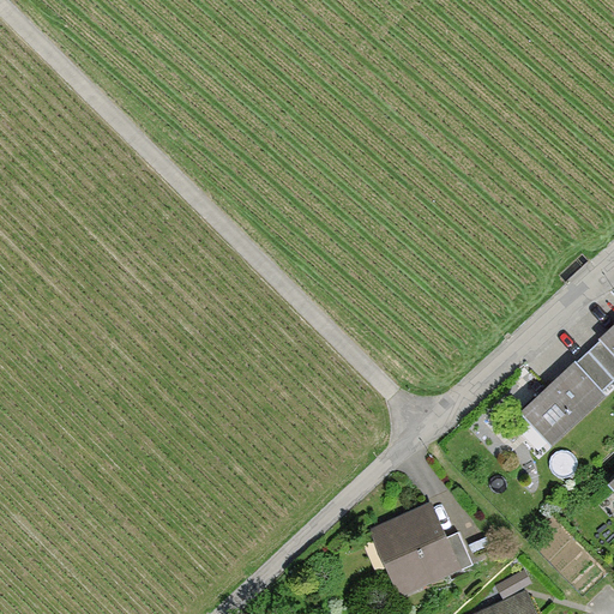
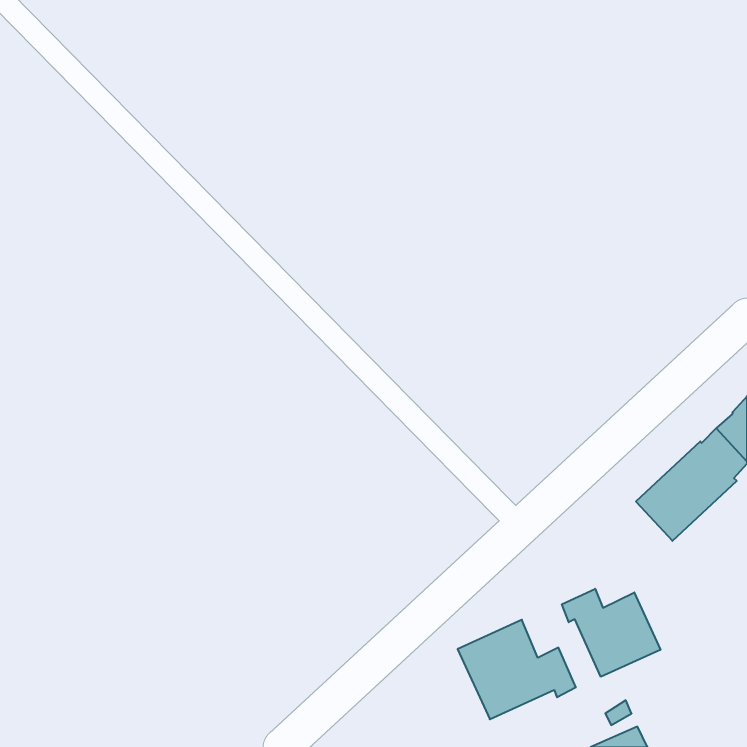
building: none -> [562,589,660,677]

